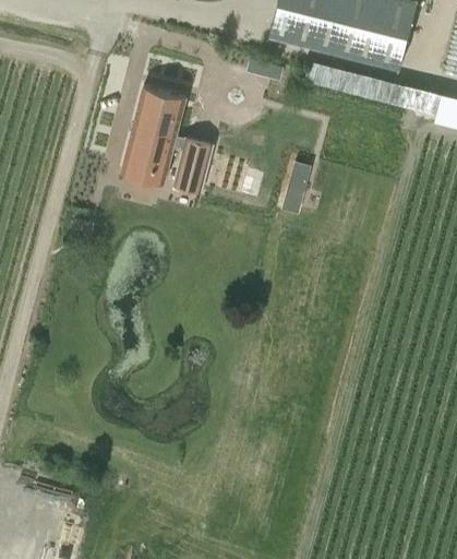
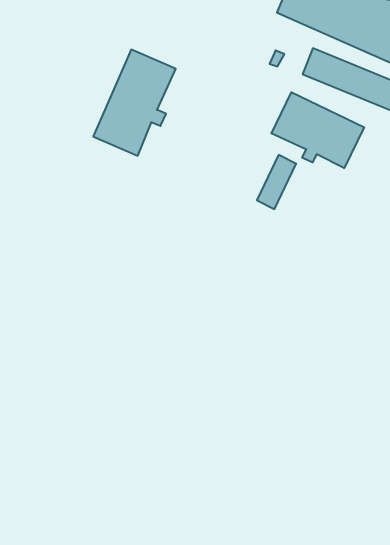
building: none -> [271,92,364,168]
building: [173,136,214,190] -> none

